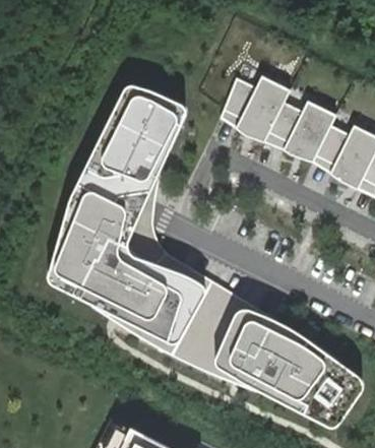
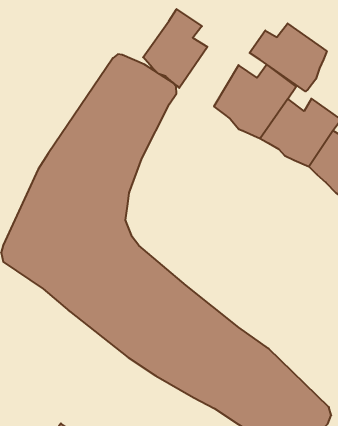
building: none -> [250,23,327,91]
building: none -> [143,9,207,88]

